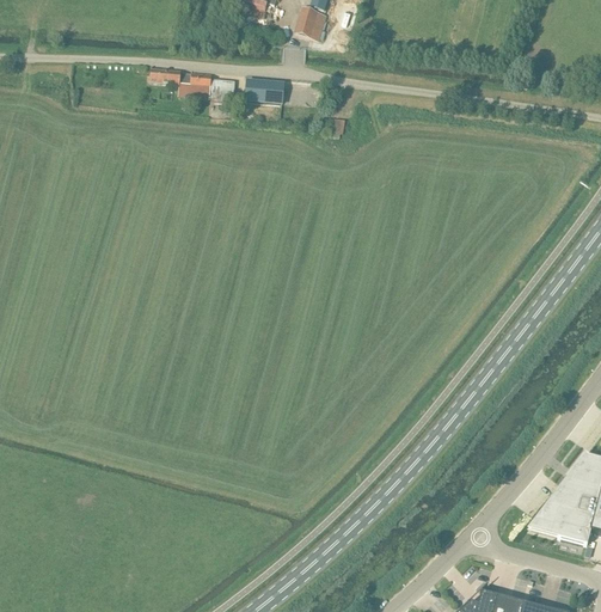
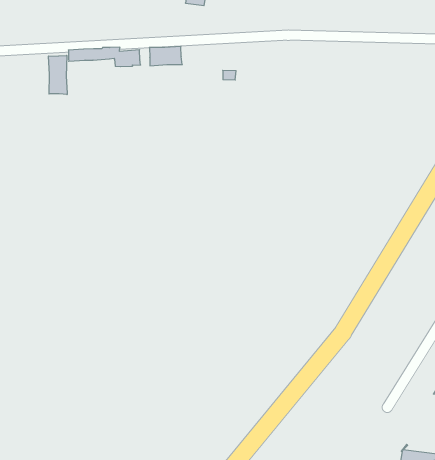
building: none -> [49,55,67,95]

